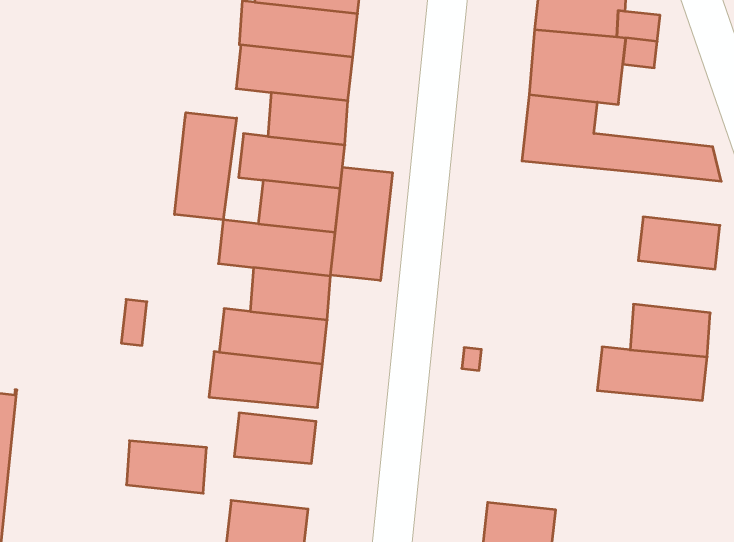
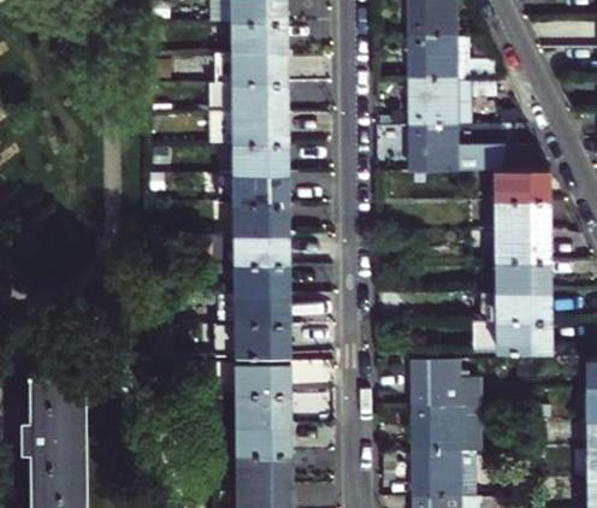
building: [175,113,237,220] -> none
building: [330,167,392,281] -> none
building: none -> [497,170,550,200]
building: none -> [497,230,550,260]
building: none -> [474,320,551,352]
building: none -> [412,360,480,406]
building: [126,441,207,493] -> [237,392,291,424]

